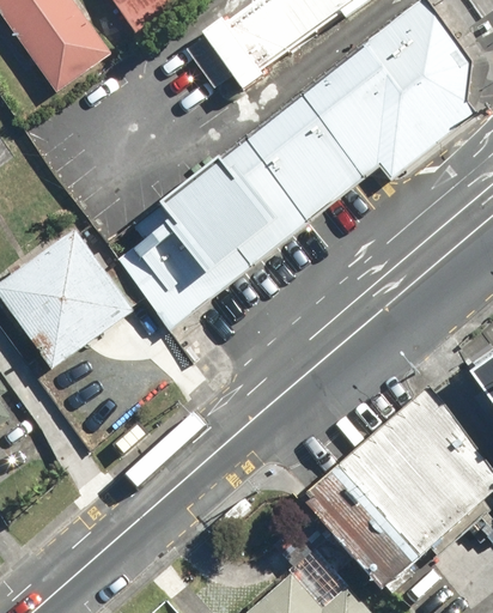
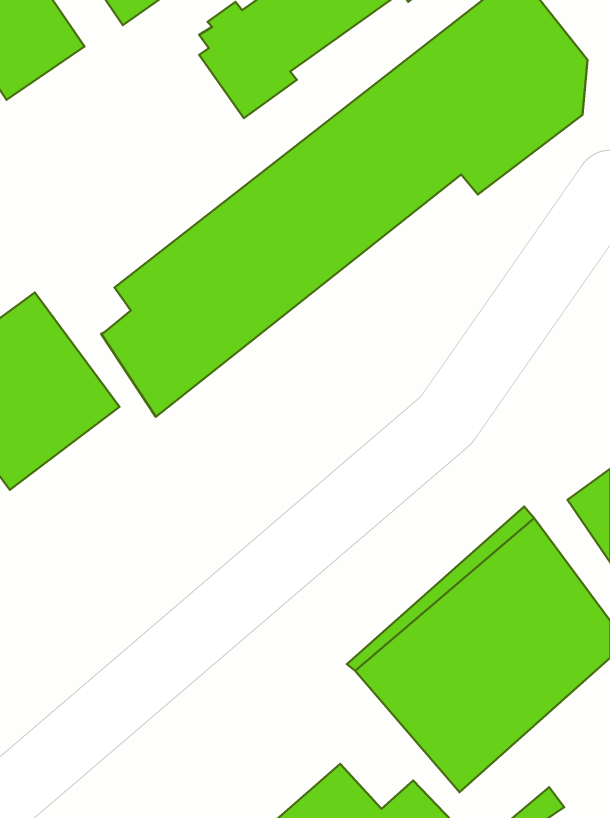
building: [160,101,480,332] -> none

